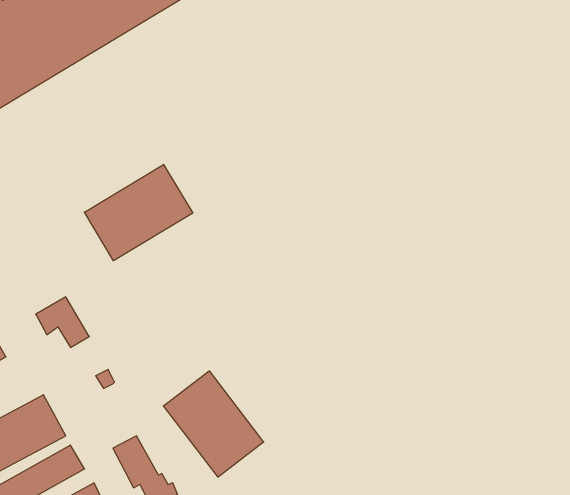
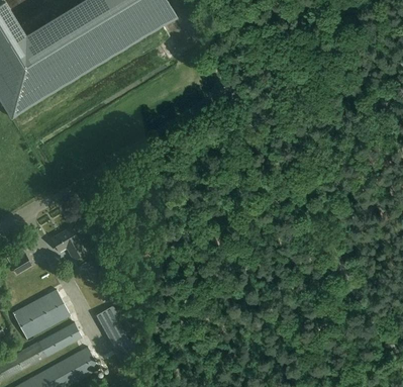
building: [84,164,193,261] -> none
building: [163,371,264,477] -> none

